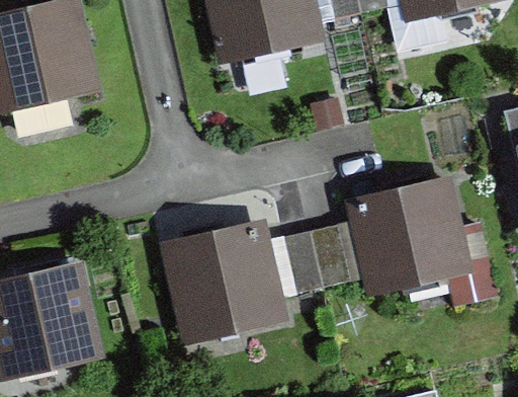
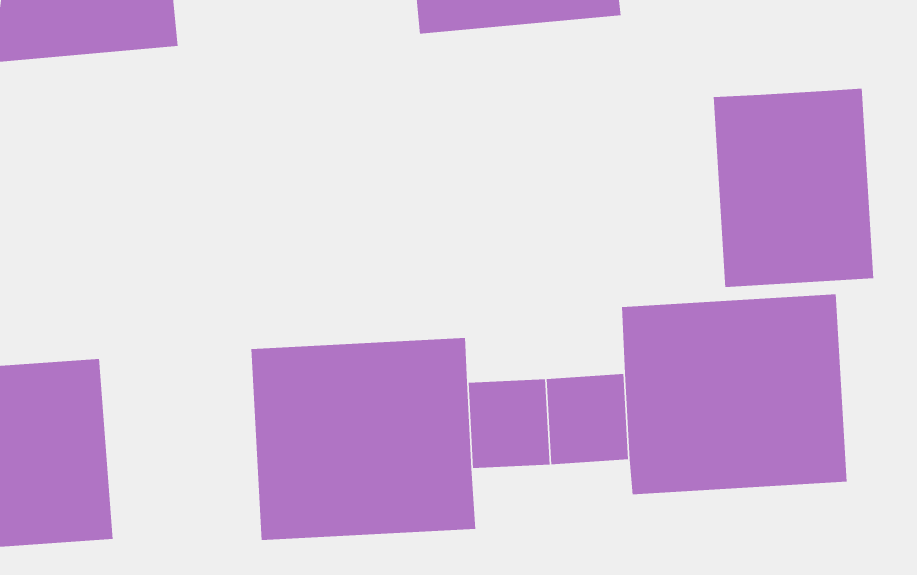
building: none -> [713,88,874,288]

